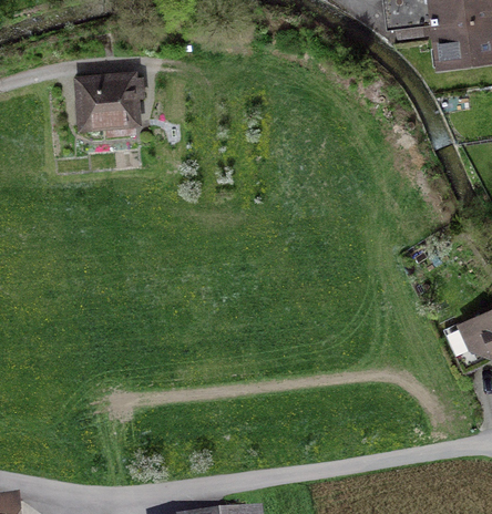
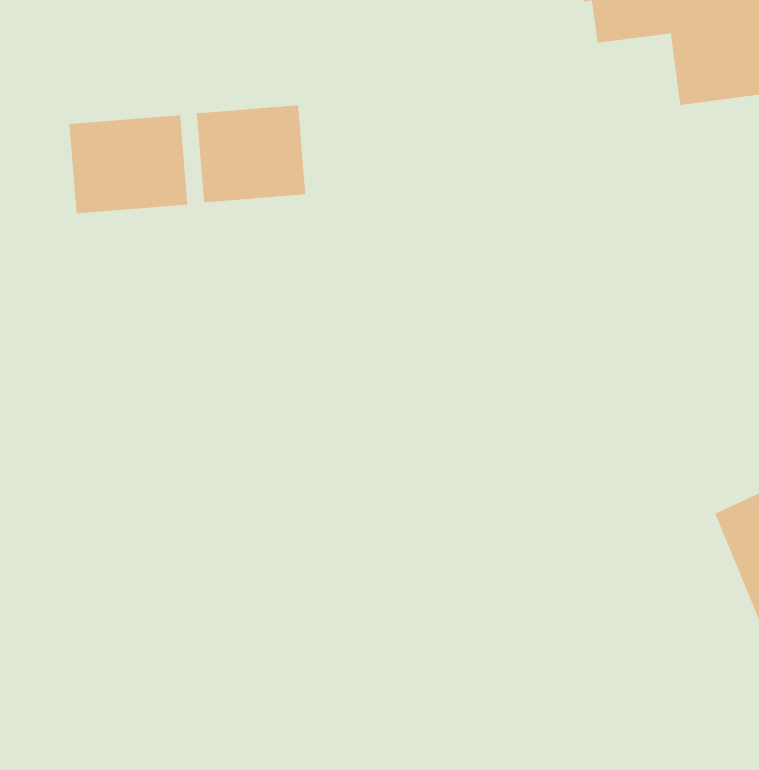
building: none -> [196,105,306,203]

